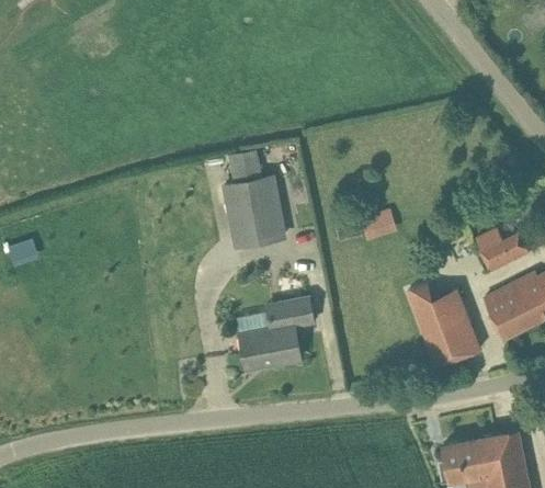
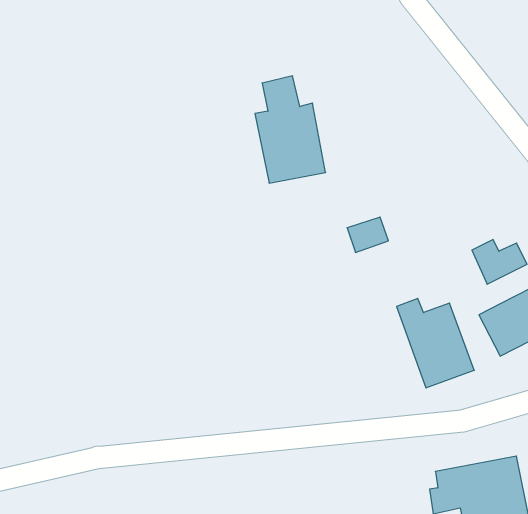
building: [220,149,286,249] -> [255,76,326,183]
building: [240,297,314,366] -> none

